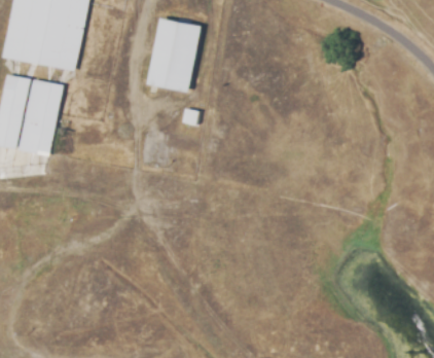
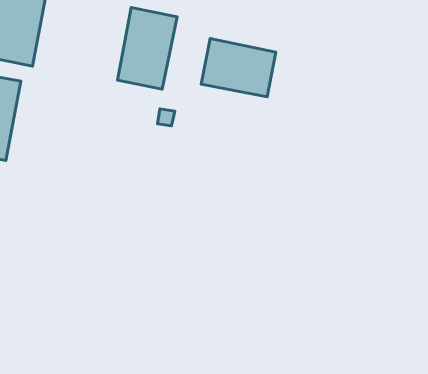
building: none -> [201,38,276,97]

